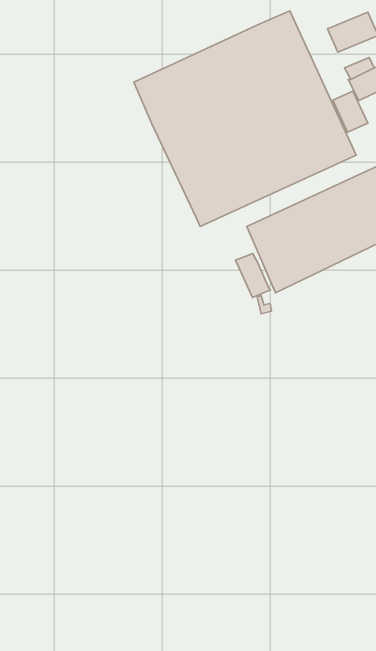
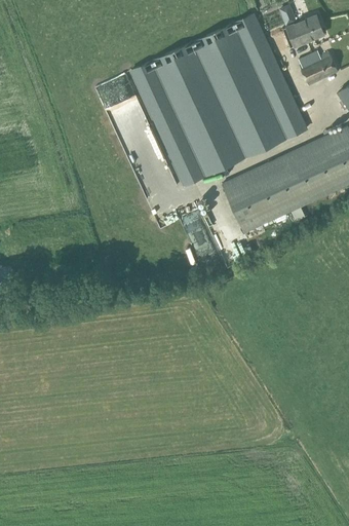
building: [333,91,368,132] -> none
building: [236,254,271,297] -> none

